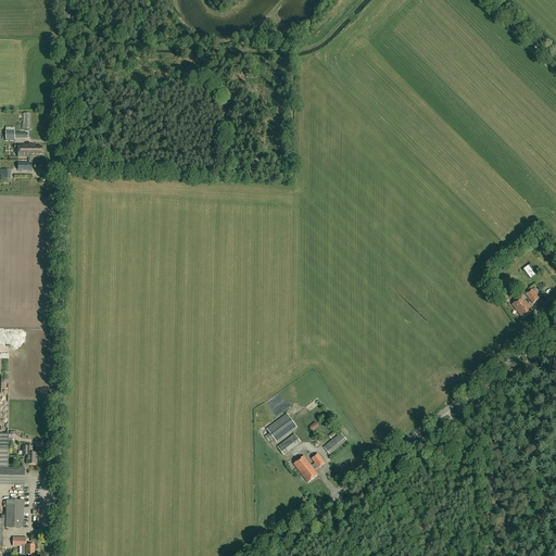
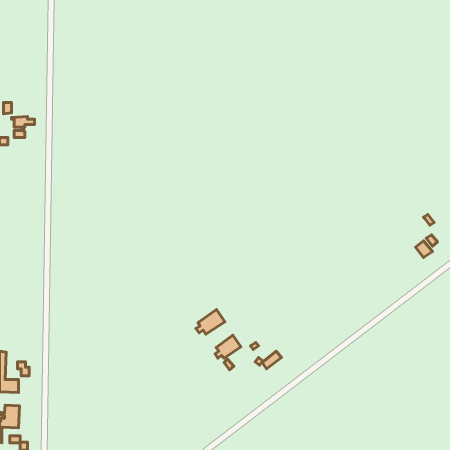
building: none -> [196,310,225,334]
building: [293,453,324,482] -> none

